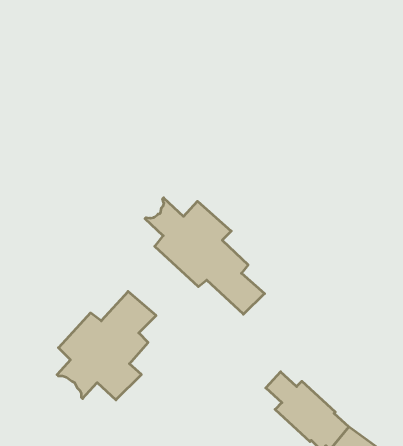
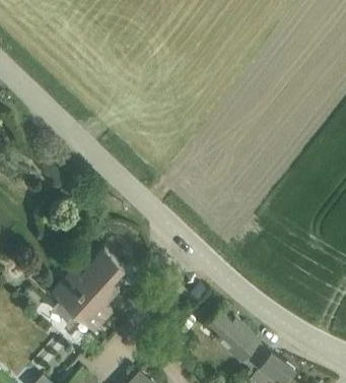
building: [145,198,265,314] -> none

